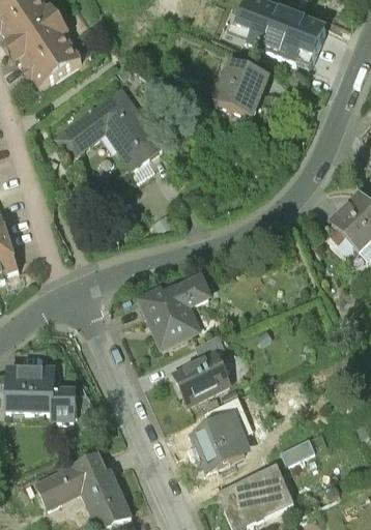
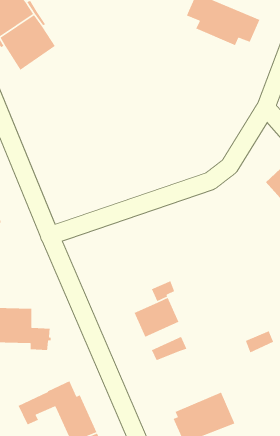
building: [213,57,269,113] -> none
building: [54,88,162,167] -> none
building: [139,277,207,344] -> none
building: [191,420,245,471] -> none
building: [280,440,315,468] -> [245,330,274,354]

